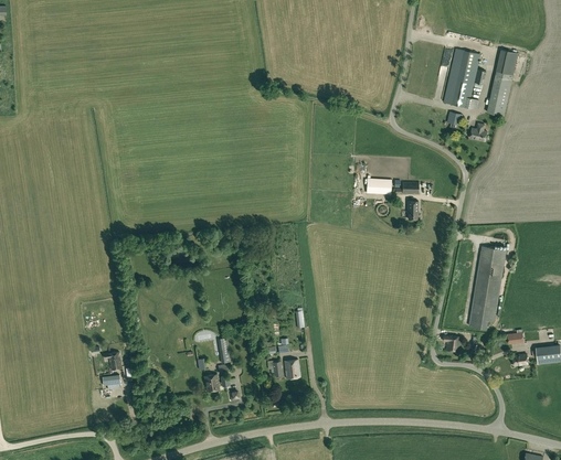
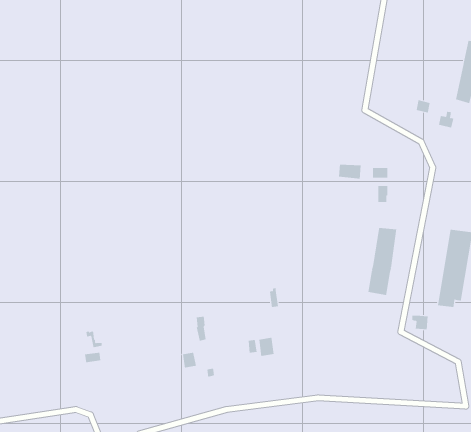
building: [443,49,485,109] -> none
building: none -> [368,227,397,296]

